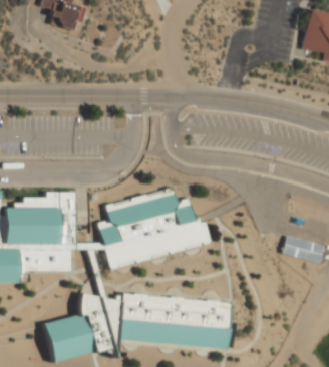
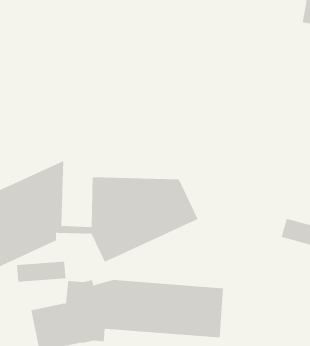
building: none -> [16,261,66,283]

